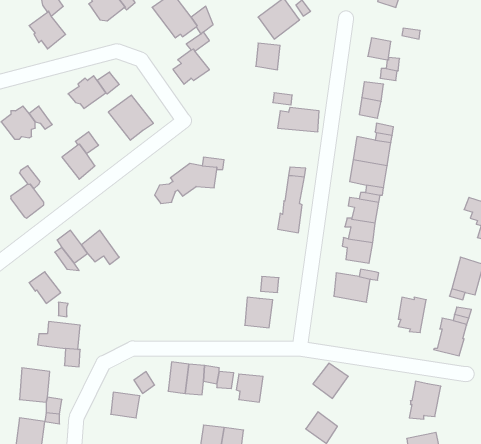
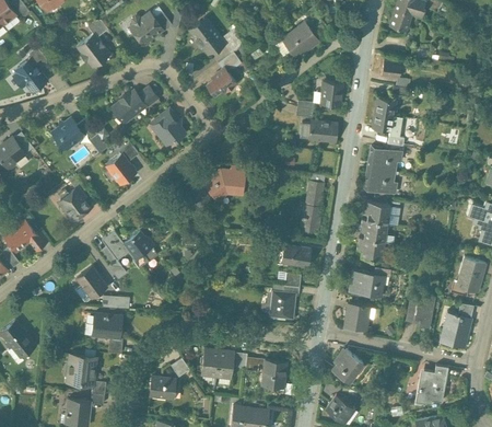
building: [256,43,280,70] -> [320,82,342,106]
building: none -> [281,244,311,267]
building: none -> [341,303,370,330]

